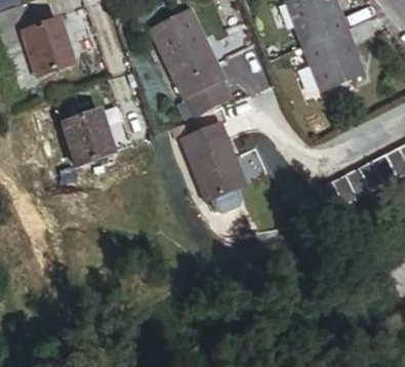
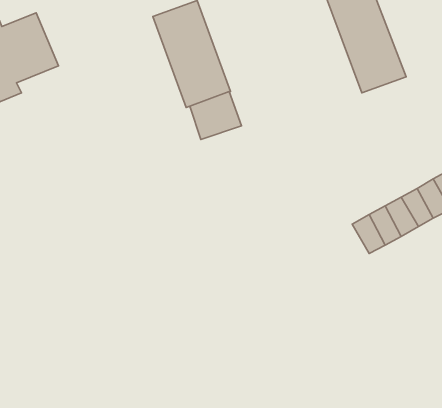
building: [63,107,116,162] -> none
building: [185,126,244,201] -> none

